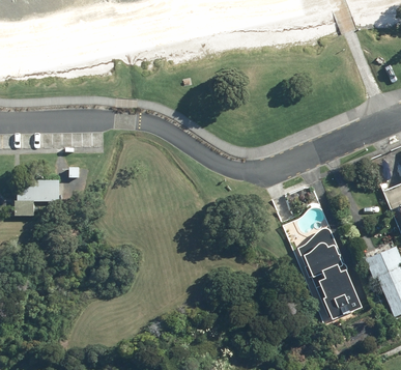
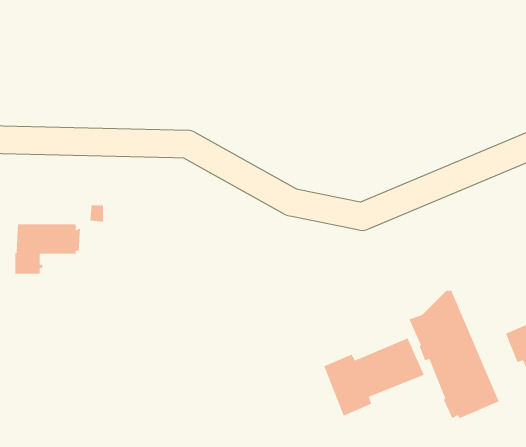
building: none -> [323,337,424,416]

